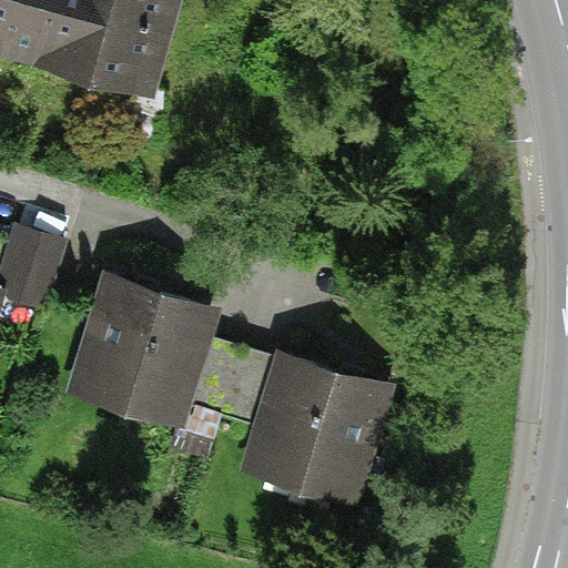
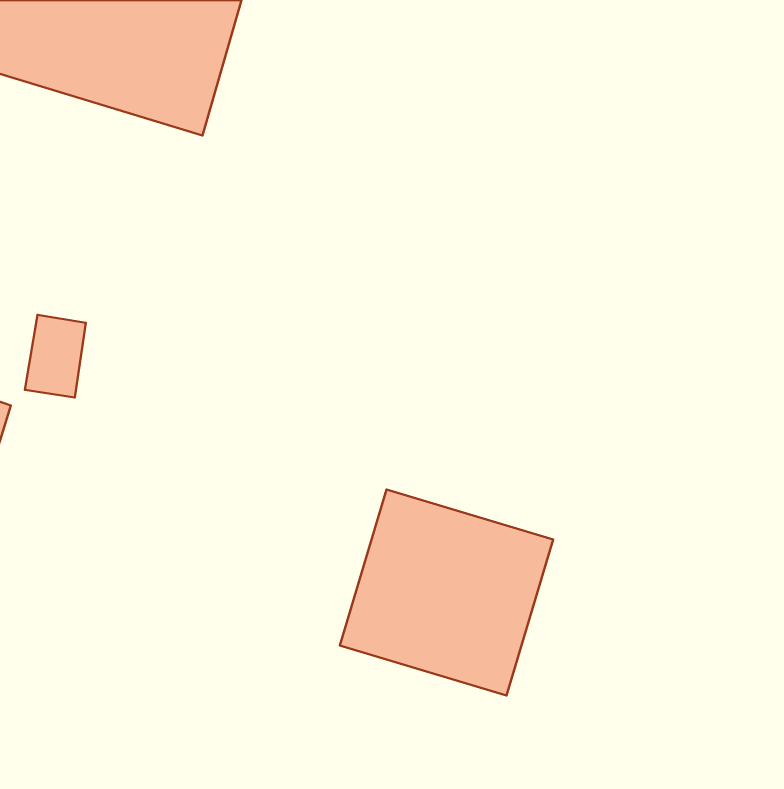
building: [70,273,217,420] -> none

